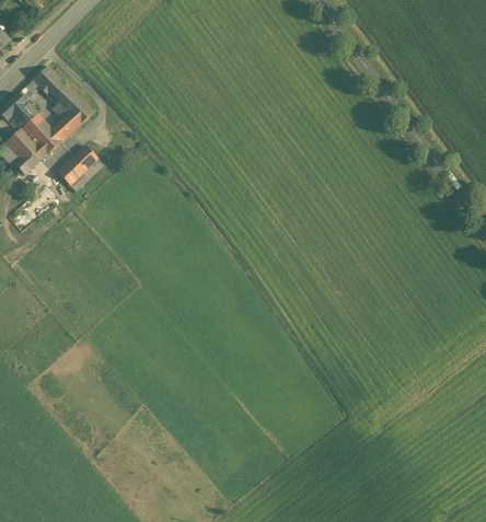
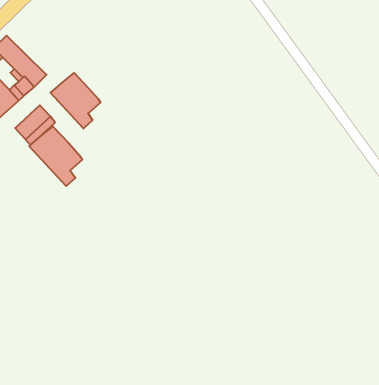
building: none -> [51,73,100,129]
building: none -> [29,126,82,186]

